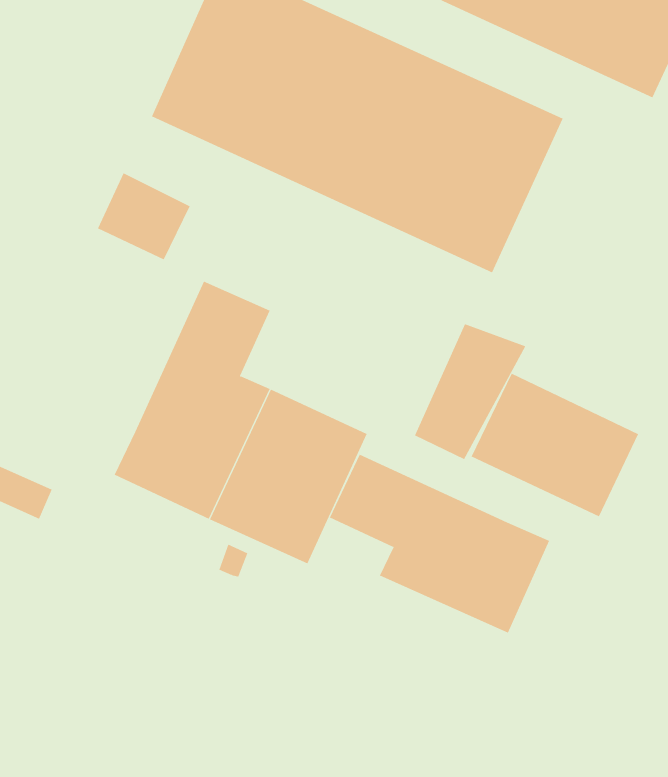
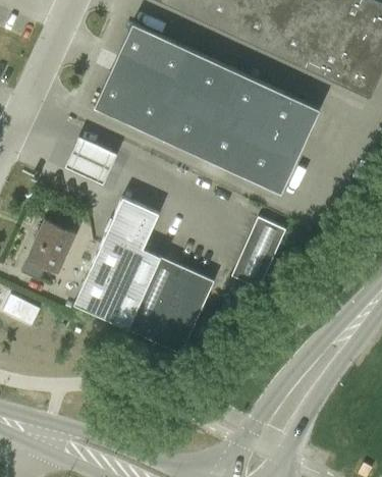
building: none -> [19,220,74,281]
building: [471,373,639,517] -> none
building: [329,454,550,633] -> none

